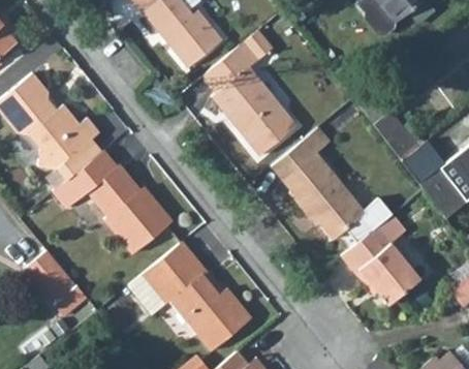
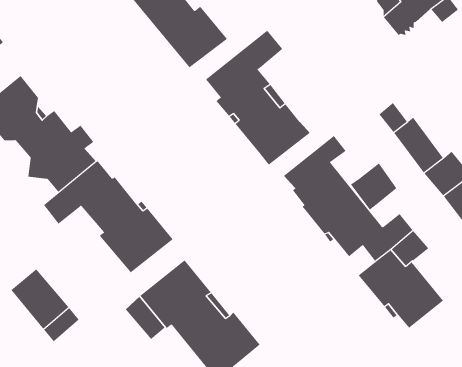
building: none -> [350,163,397,210]

